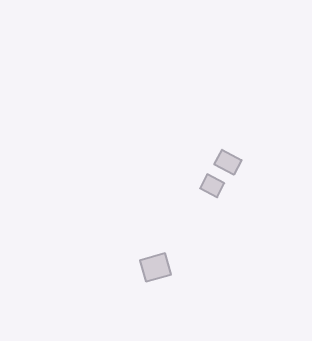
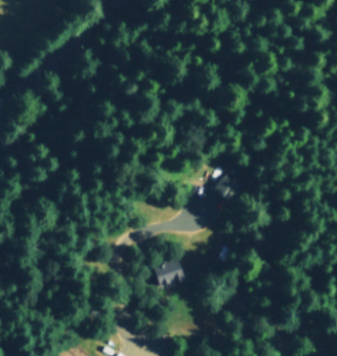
building: [214,150,242,175] -> none

